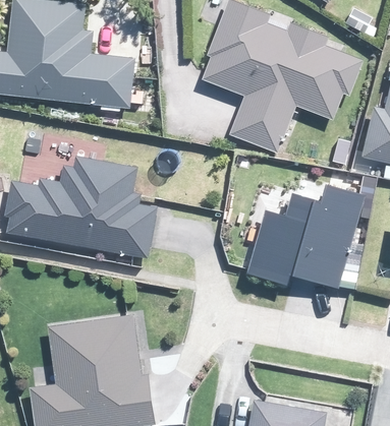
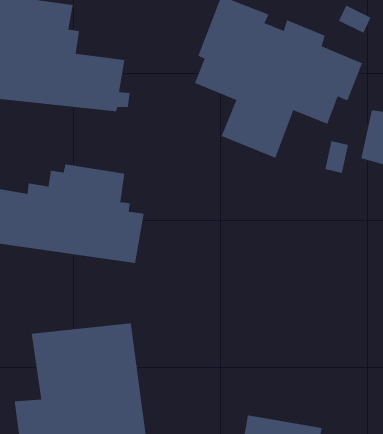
building: [246,188,361,289] -> none

